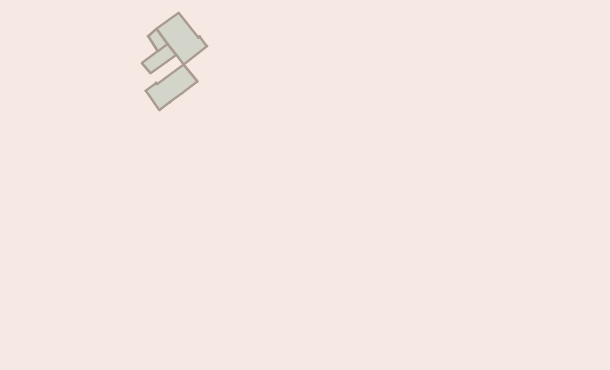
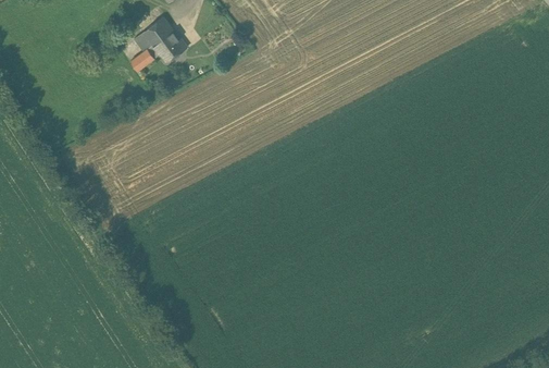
building: [146,65,197,110] -> none

